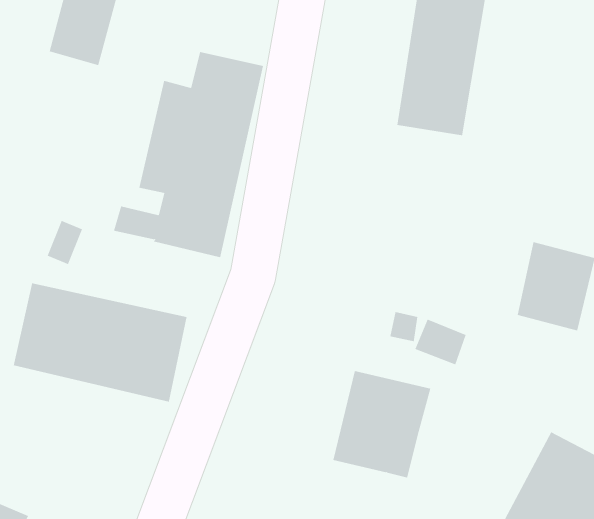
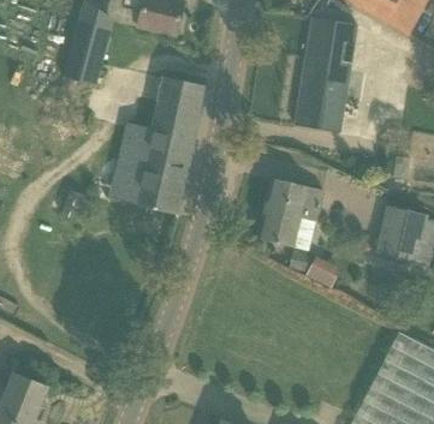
building: [13,283,187,402] -> none
building: [333,371,431,478] -> [257,179,323,251]

